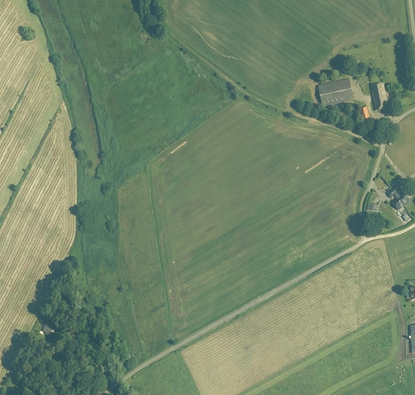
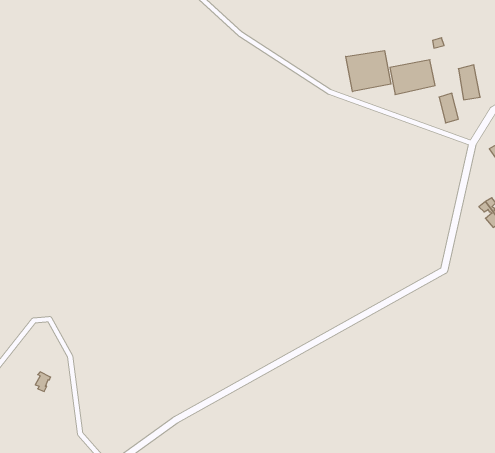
building: none -> [346,51,391,92]

